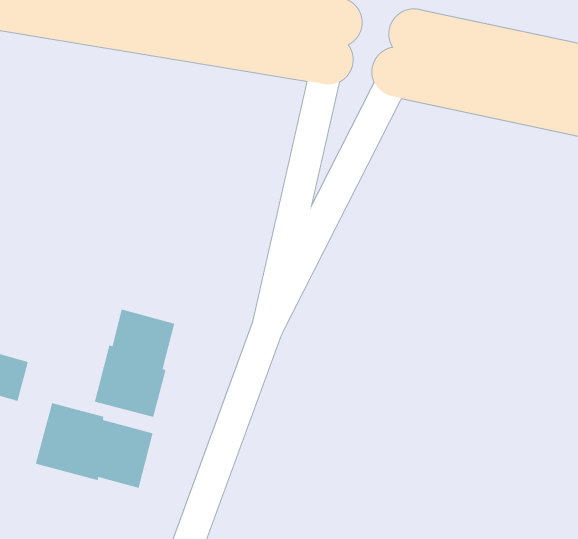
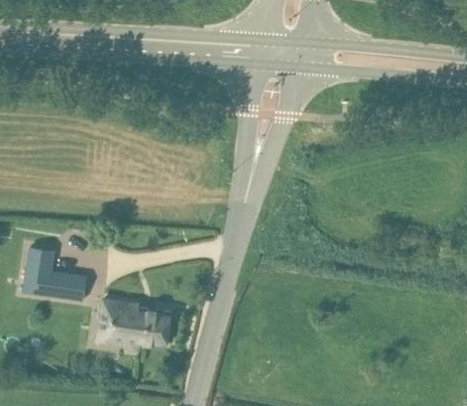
building: [94,309,175,418] -> none

